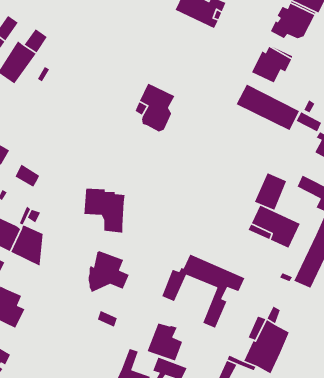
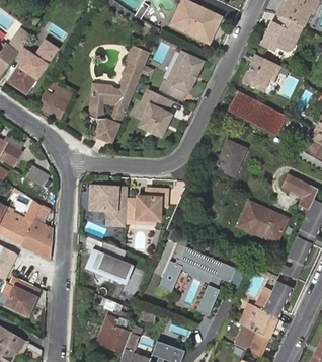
building: none -> [89,47,148,140]
building: none -> [160,52,202,99]
building: none -> [38,85,71,117]
building: [254,172,287,211] -> [215,140,245,175]
building: none -> [125,189,166,221]
building: none -> [263,279,292,318]
building: [147,323,183,361] -> [96,315,130,351]

